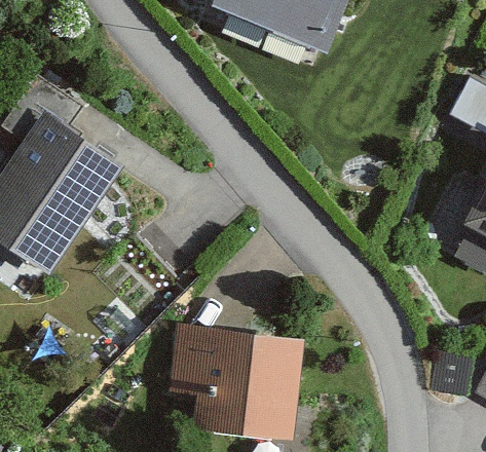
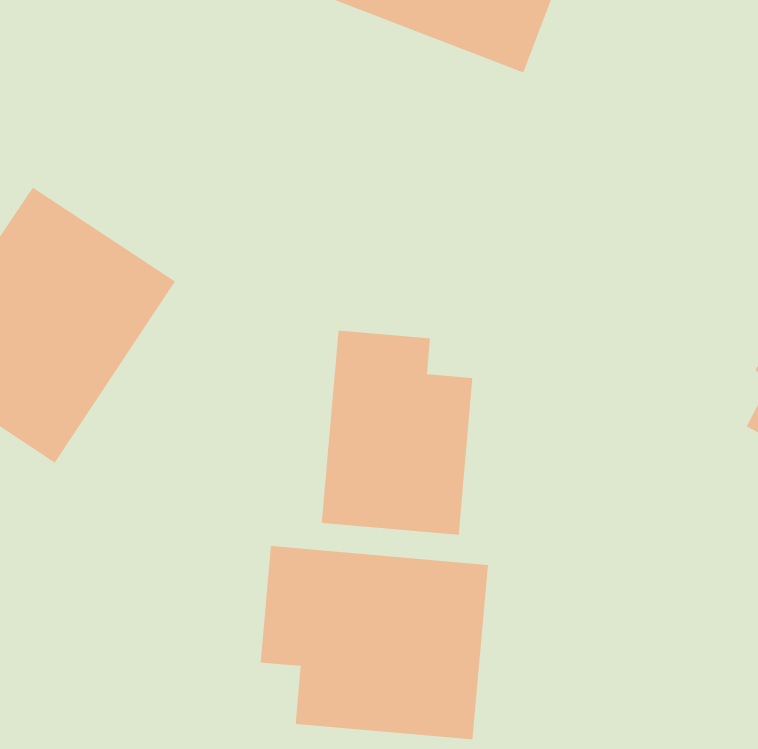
building: none -> [321,330,473,535]

